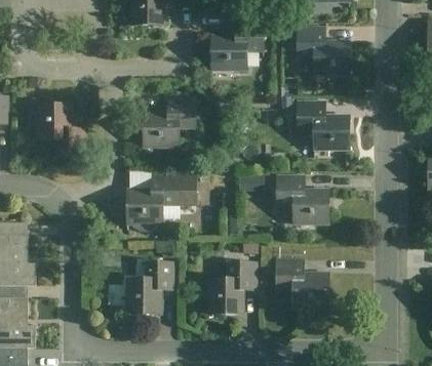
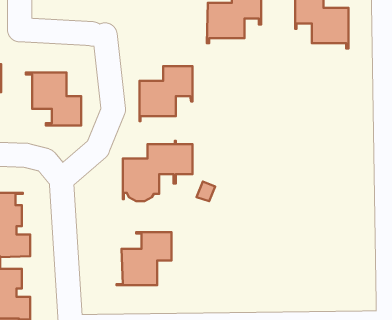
building: [298,100,350,154] -> none
building: [277,175,329,229] -> none
building: [277,255,329,314] -> none
building: [203,261,257,314] -> none

